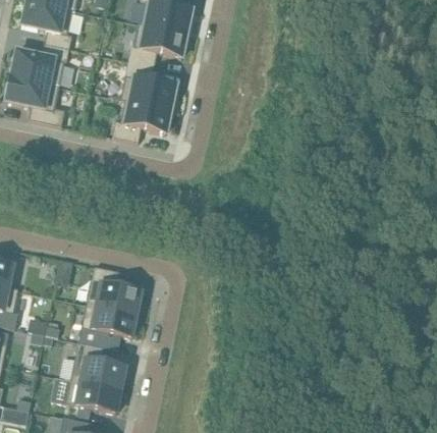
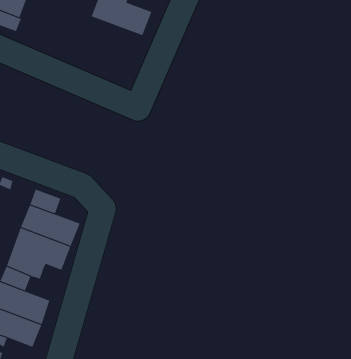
building: [112,98,171,141] -> none

